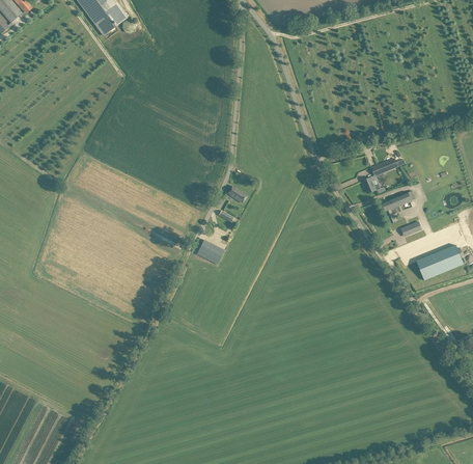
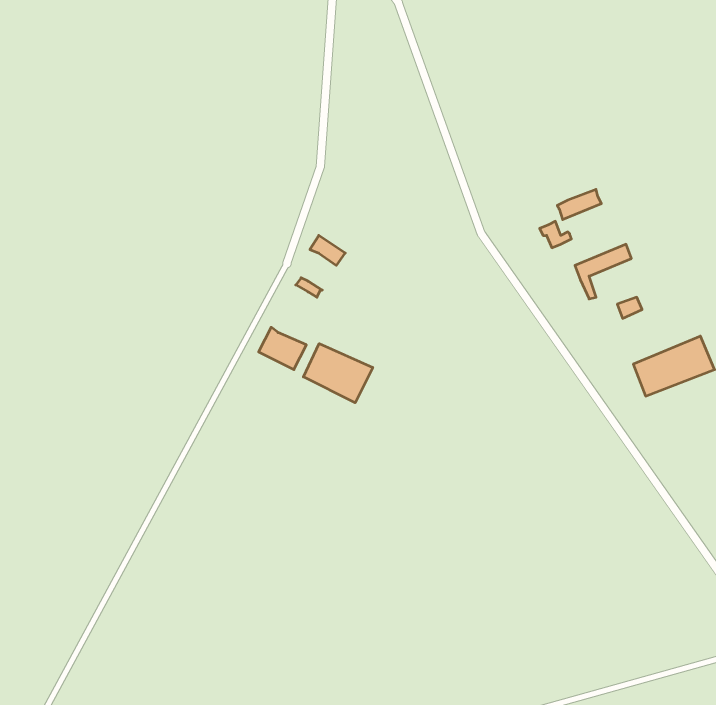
building: none -> [303,344,373,403]

